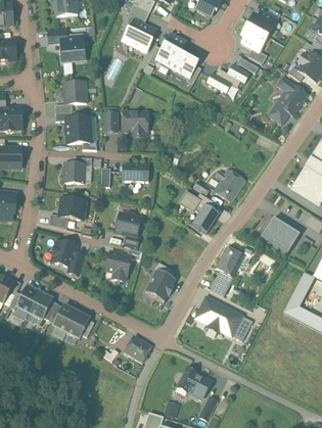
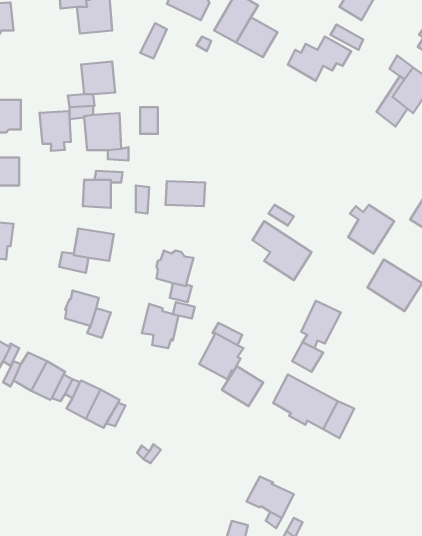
building: [124,111,147,137] -> none
building: none -> [39,111,71,151]
building: [214,169,245,202] -> [348,205,394,254]
building: [124,333,152,361] -> [222,366,263,406]

